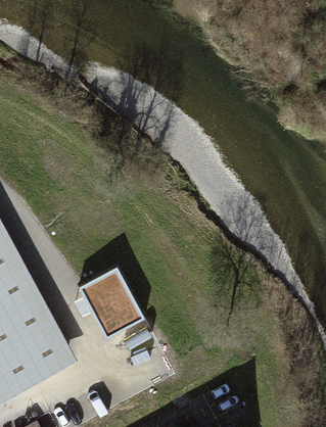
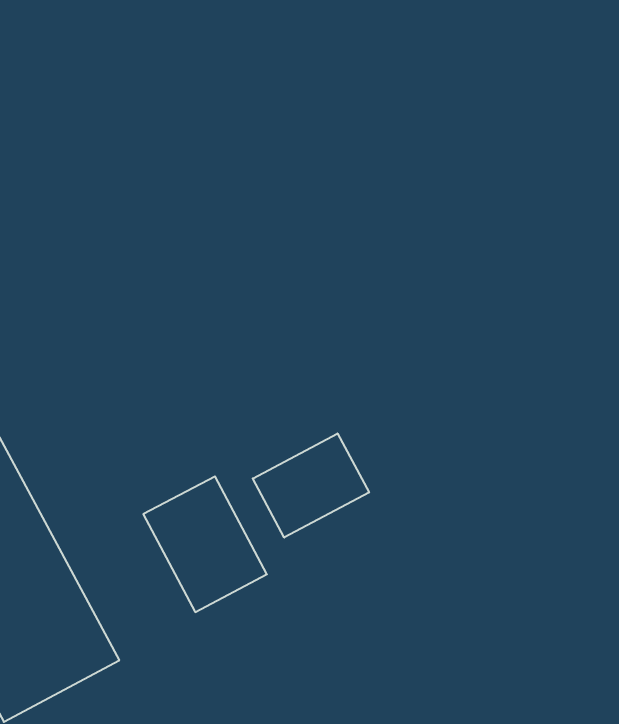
building: none -> [253,433,369,538]

